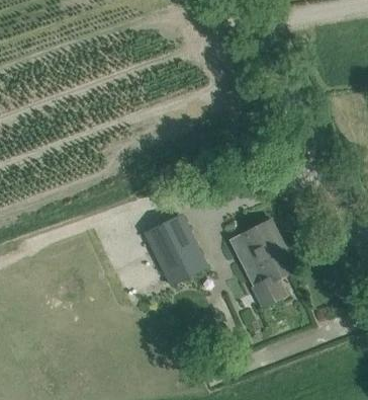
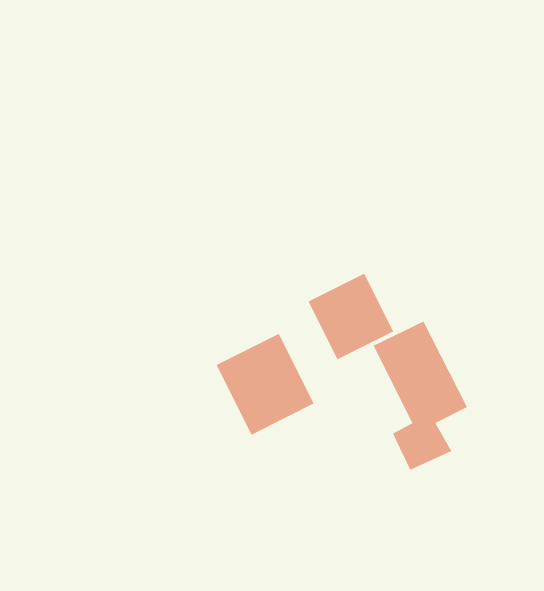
building: none -> [308,273,394,360]

